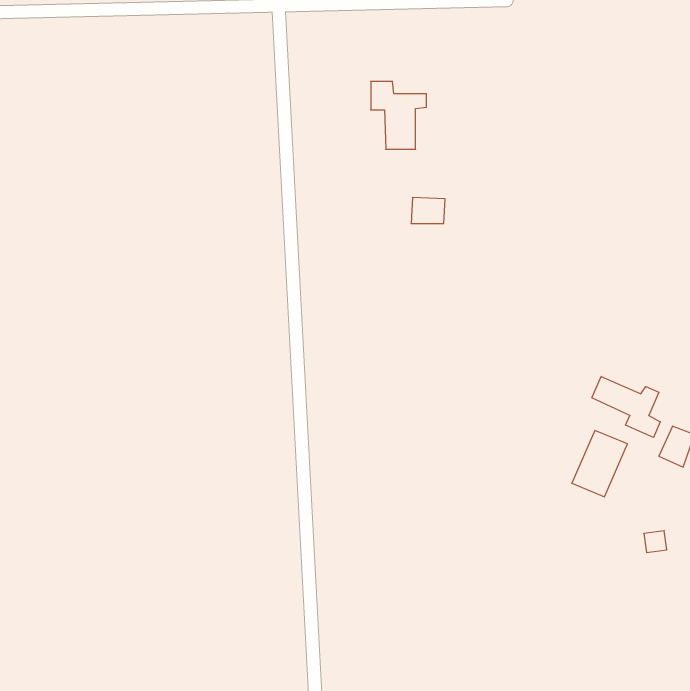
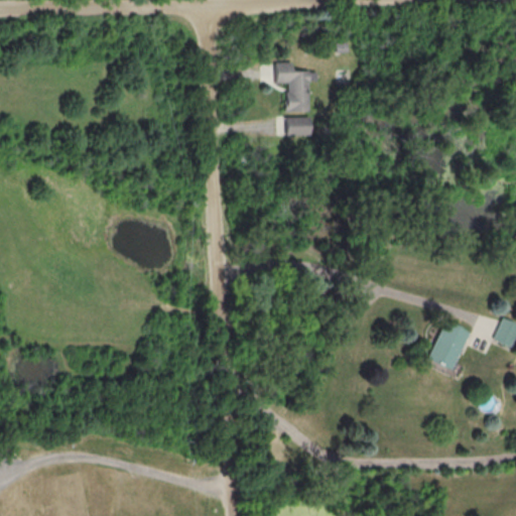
building: [411,198,445,223] -> [288,118,313,137]
building: [592,376,660,437] -> none

